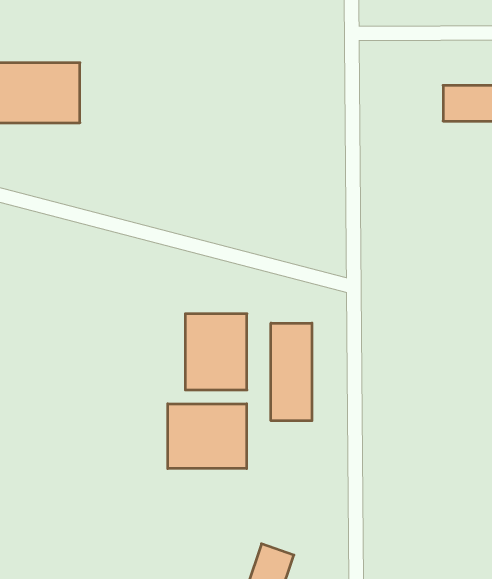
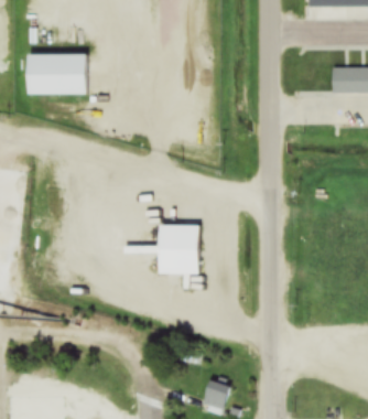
building: [271,323,312,421] -> none
building: [168,404,247,469] -> none

